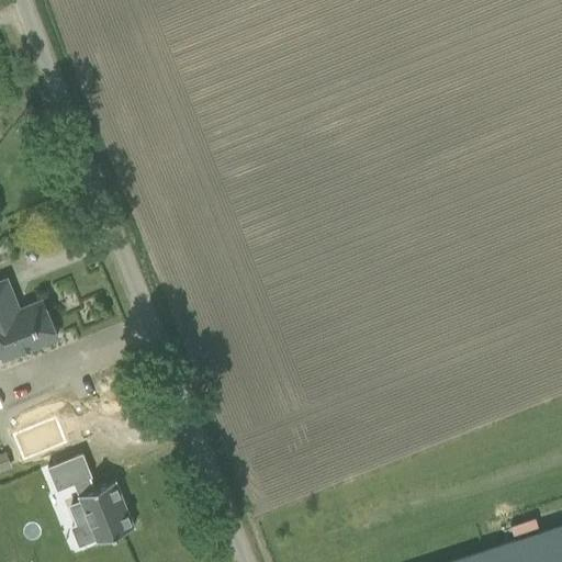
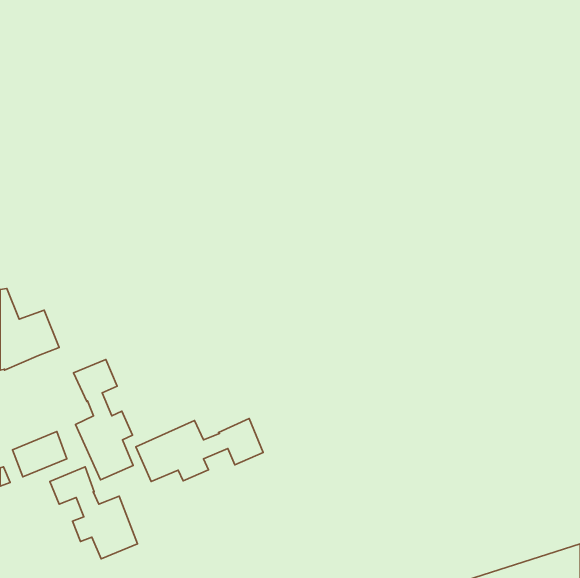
building: none -> [74,359,133,480]
building: none -> [136,419,263,482]

